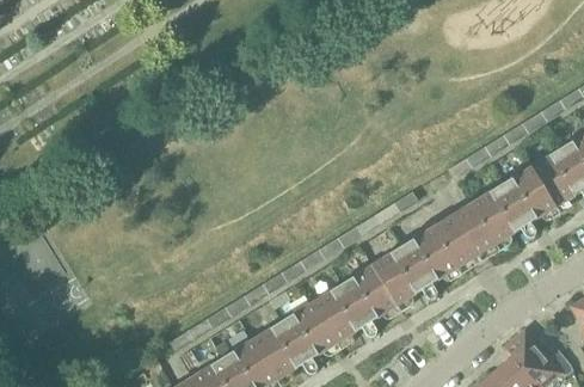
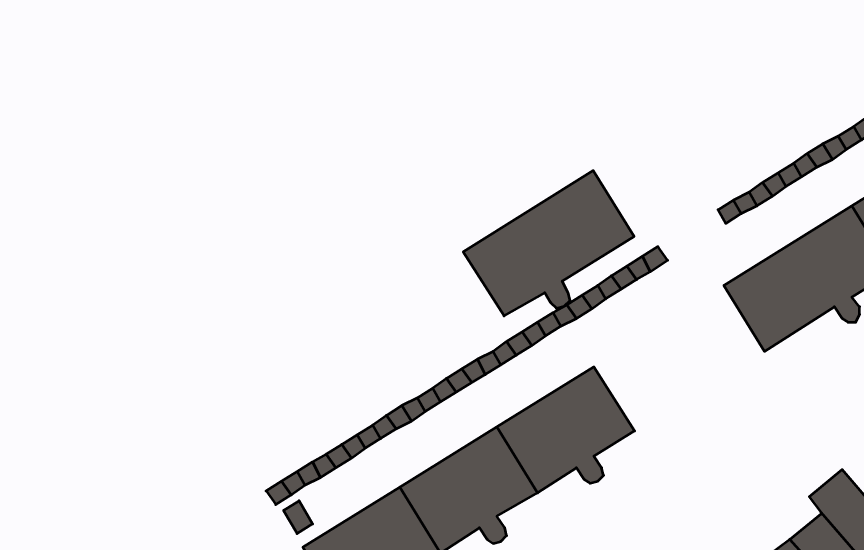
building: [371,216,477,306] -> [463,171,634,316]

